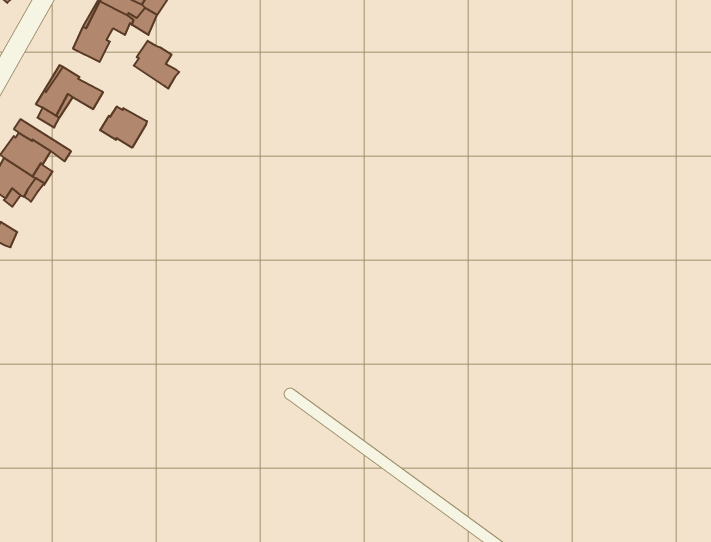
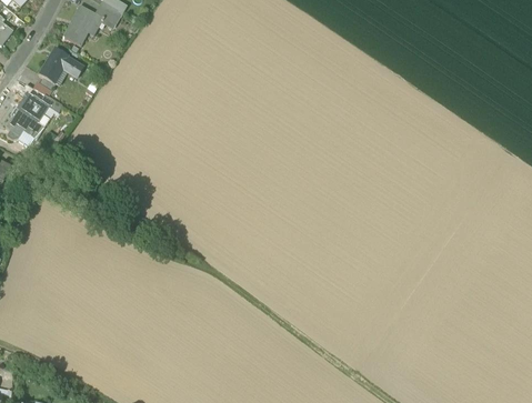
building: [134,41,179,89] -> none
building: [100,106,147,148] -> none

